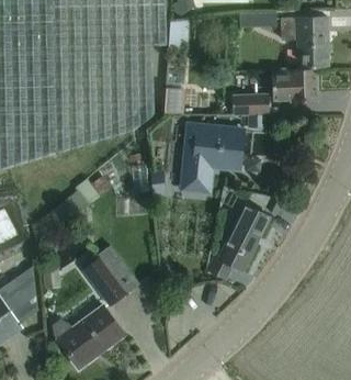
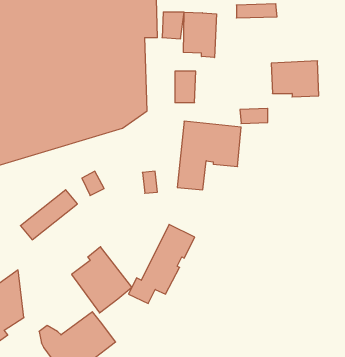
building: [281,16,328,67] -> none
building: none -> [183,12,216,58]
building: [231,94,269,113] -> none
building: [206,204,269,279] -> [129,224,195,303]

